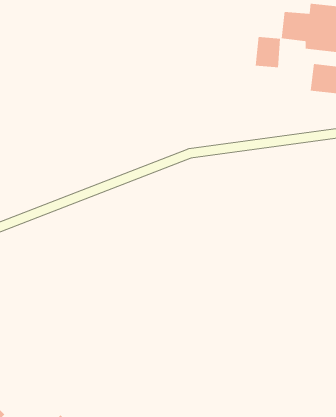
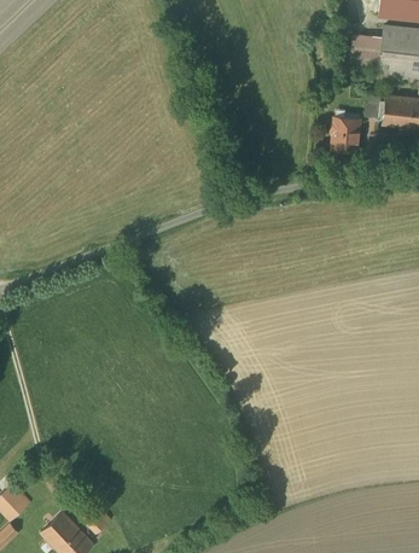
building: [255,36,281,68] -> [330,117,360,153]

